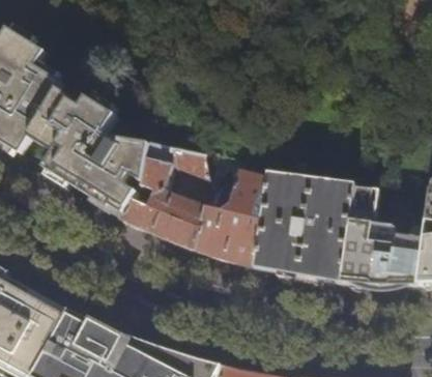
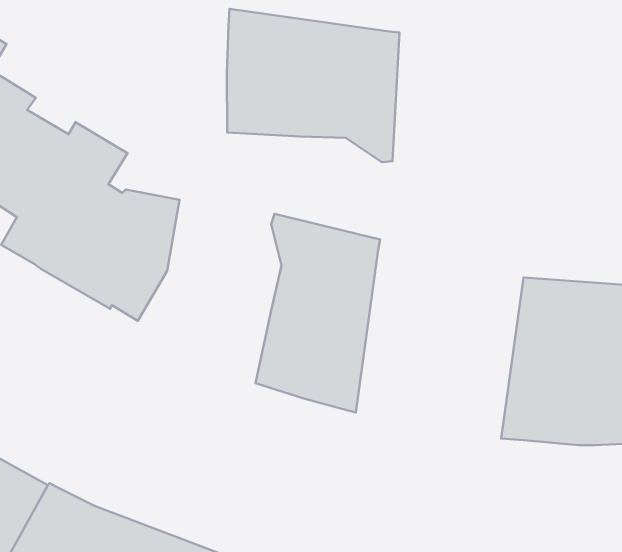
building: none -> [227,9,400,162]
building: [118,140,208,250] -> none
building: [253,170,354,283] -> none

